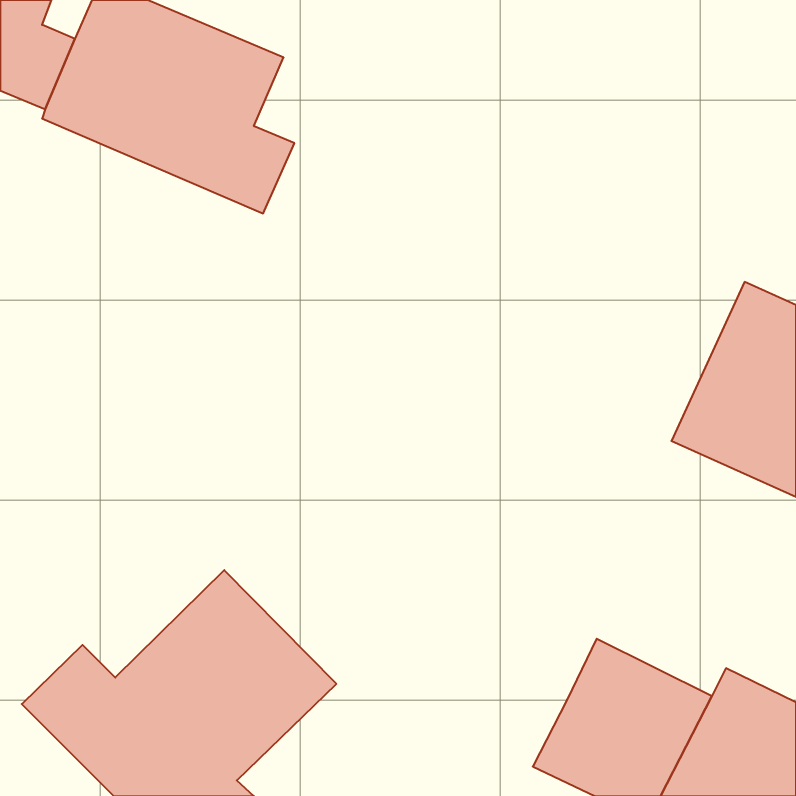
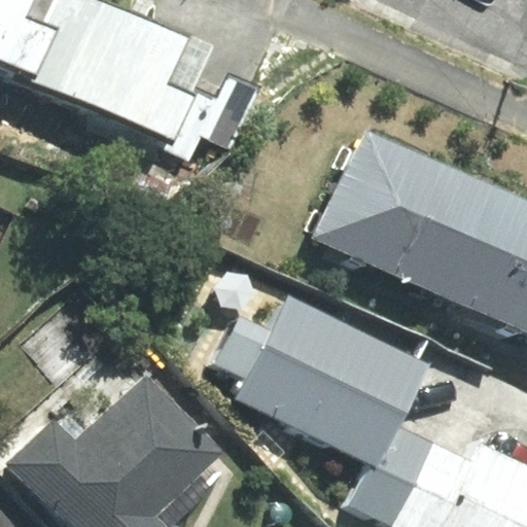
building: none -> [320,130,492,291]
building: none -> [215,308,419,462]

